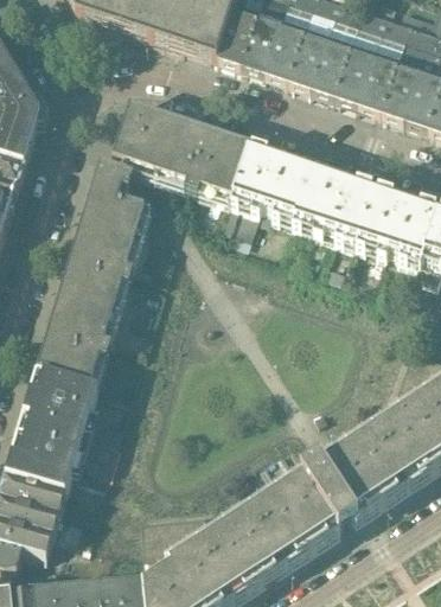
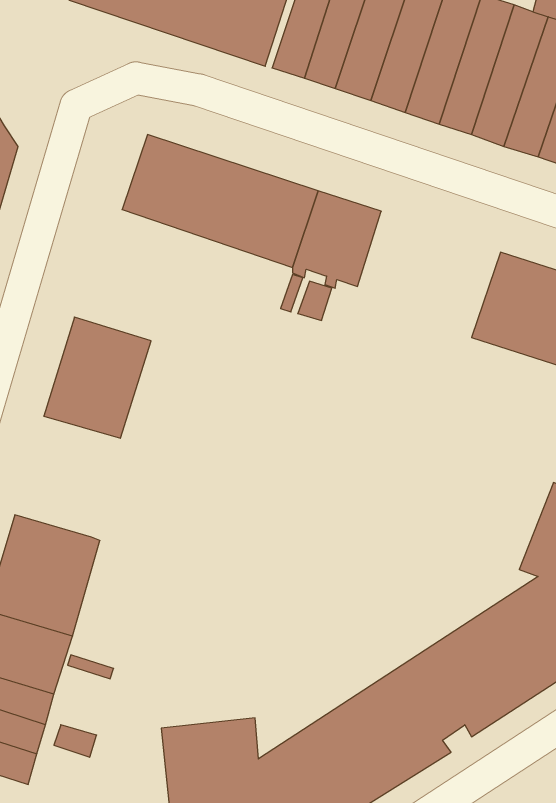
building: [273,155,375,243] -> none
building: [78,159,143,245] -> none
building: [37,298,110,382] -> none

